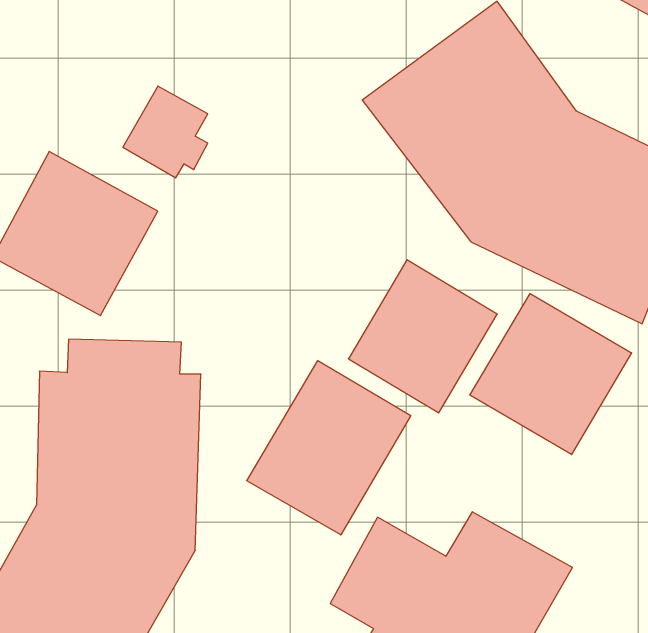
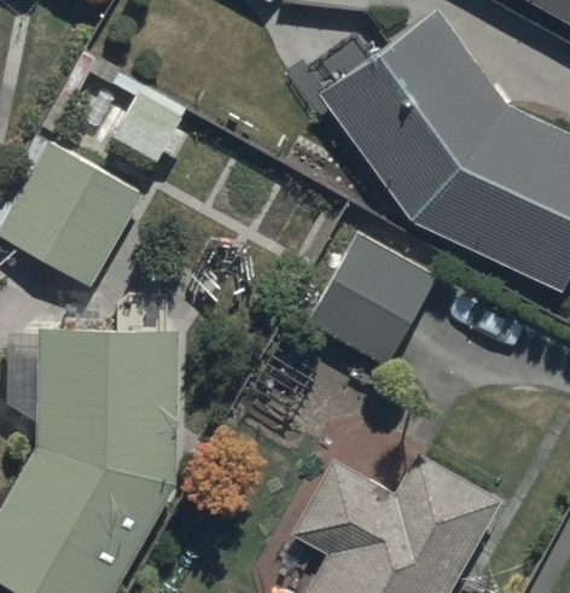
building: [470,294,632,455] -> none
building: [247,361,411,535] -> none

